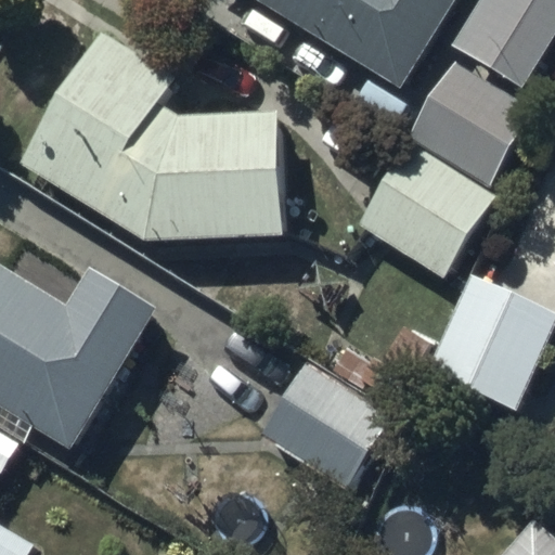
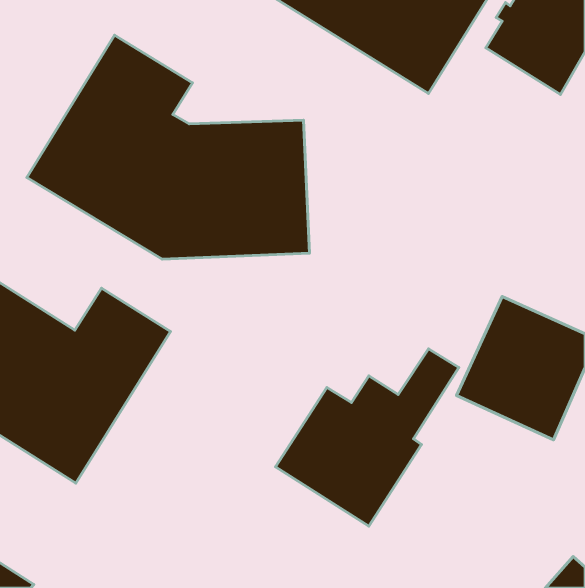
building: [350,60,532,279] -> none

